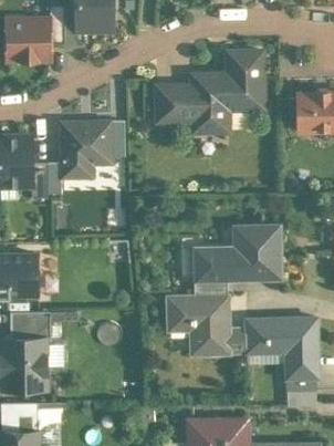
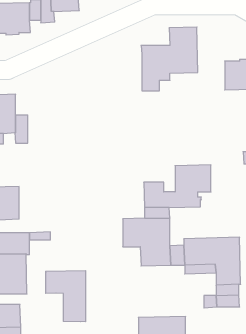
building: [157,85,192,122] -> none
building: [61,121,112,178] -> none
building: none -> [46,271,86,322]

